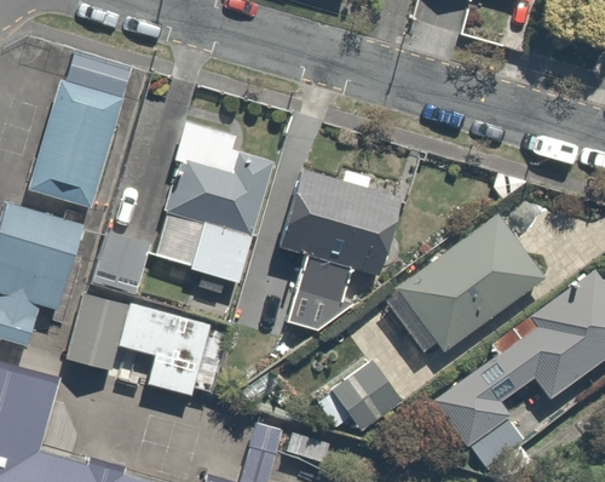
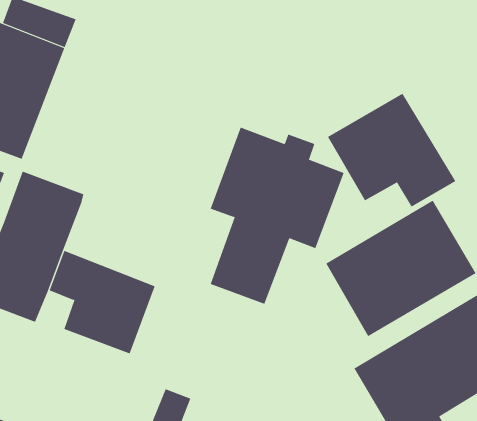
building: none -> [327,93,456,207]
building: [155,122,272,279] -> none
building: [324,352,409,437] -> none

